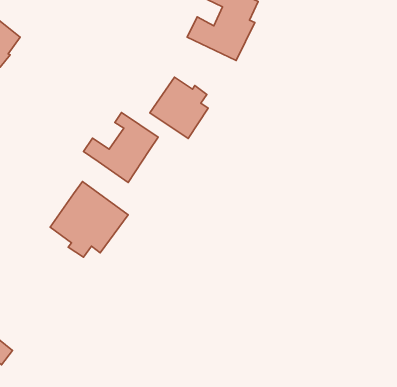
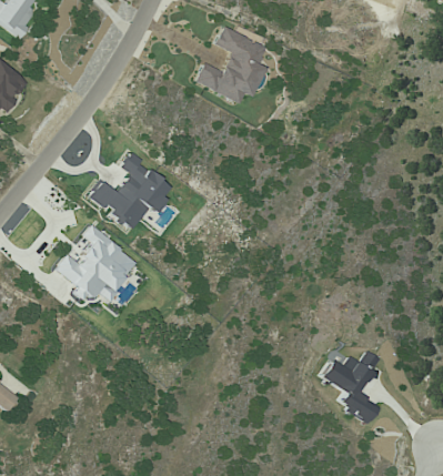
building: [150,77,208,138] -> none
building: none -> [322,351,380,423]

